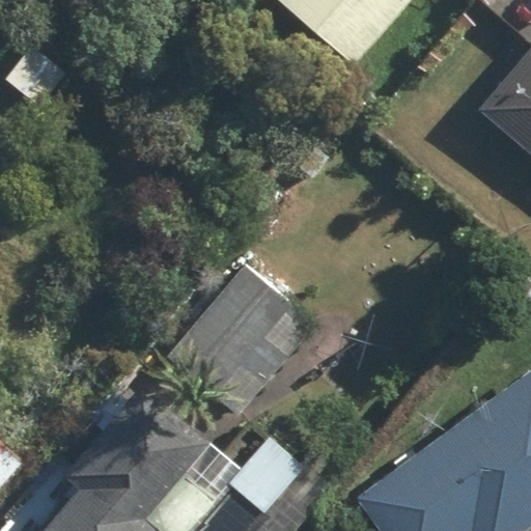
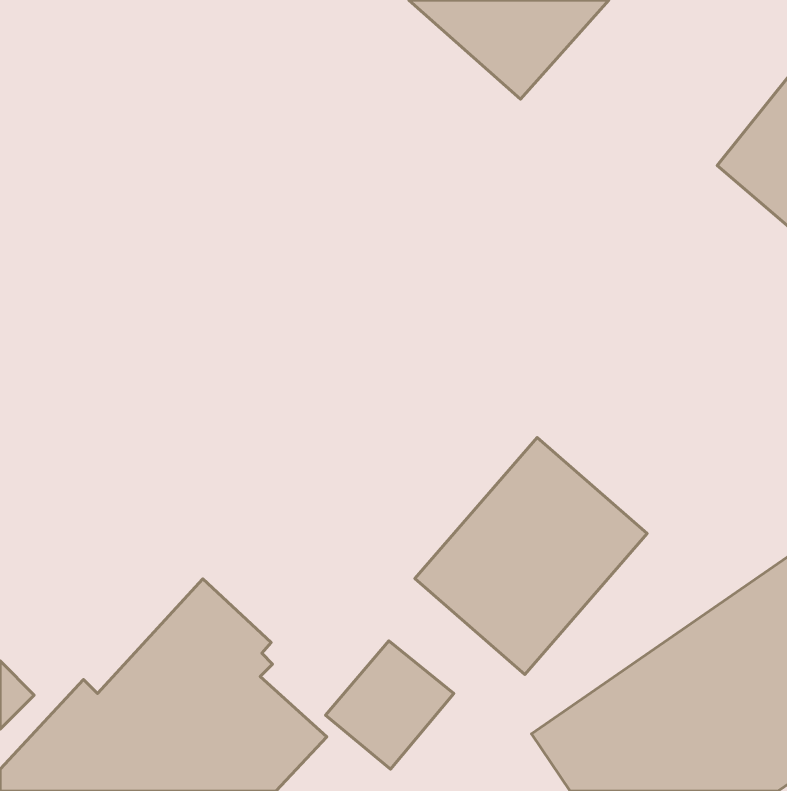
building: [169,260,325,419] -> [415,438,647,674]

